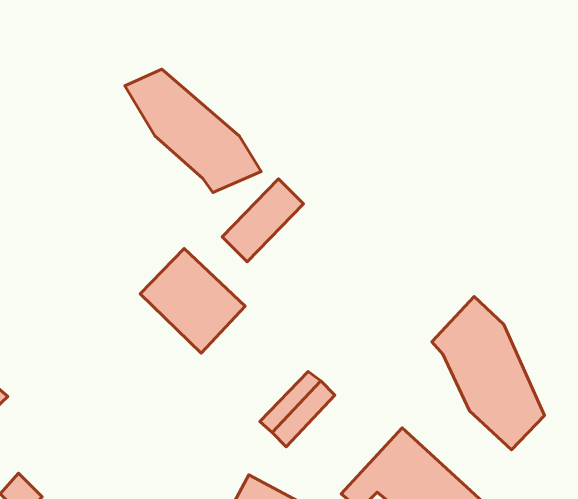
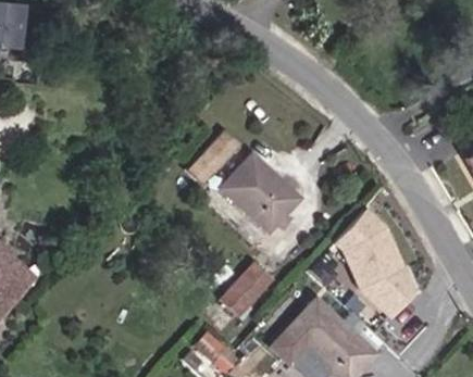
building: [125,69,261,192] -> none
building: [140,248,245,353] -> [224,155,297,228]

